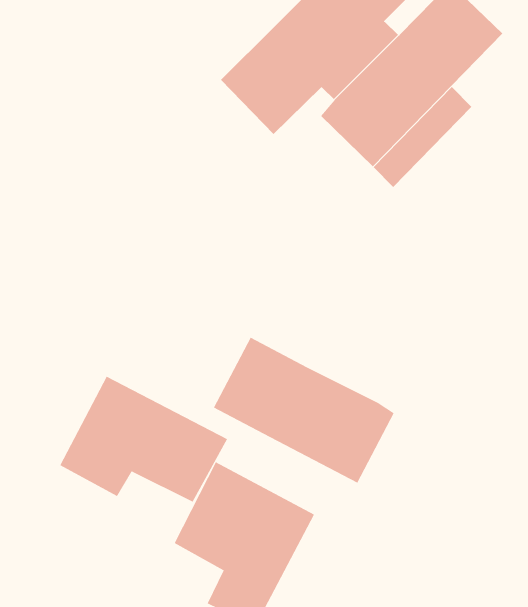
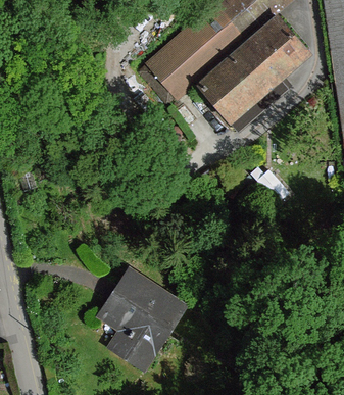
building: [213,337,395,484] -> none
building: [60,376,228,502] -> none

